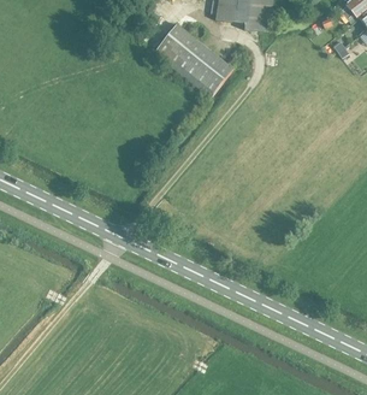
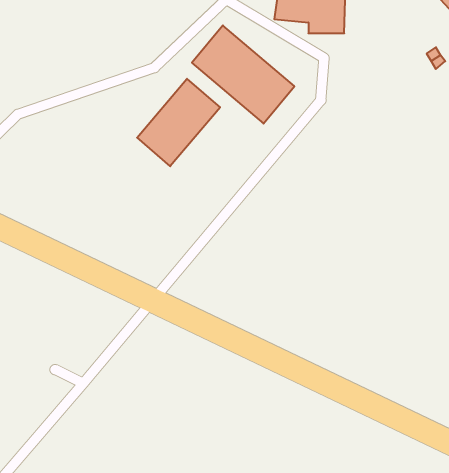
building: none -> [137,79,220,166]

